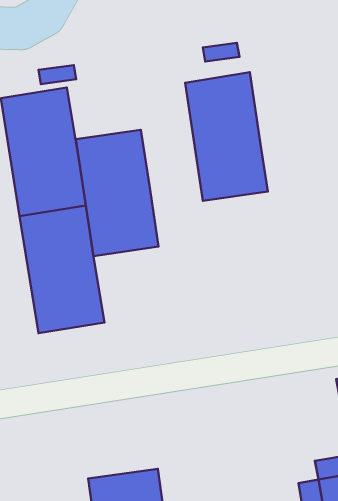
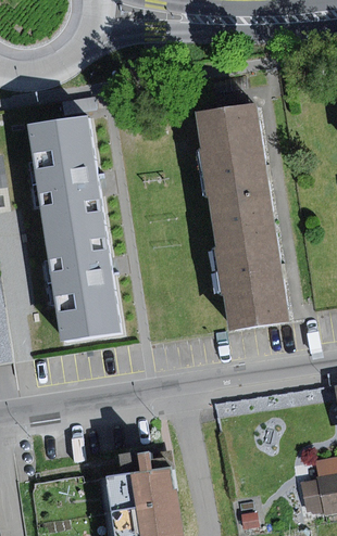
building: [76,130,158,256] -> [212,214,288,330]

